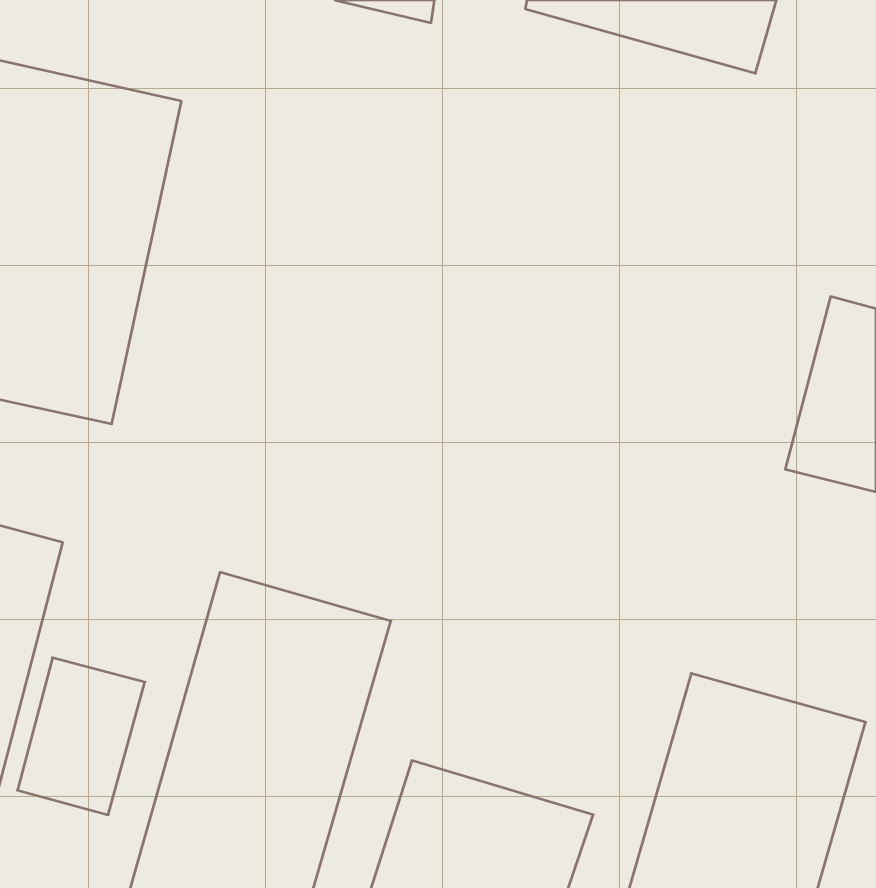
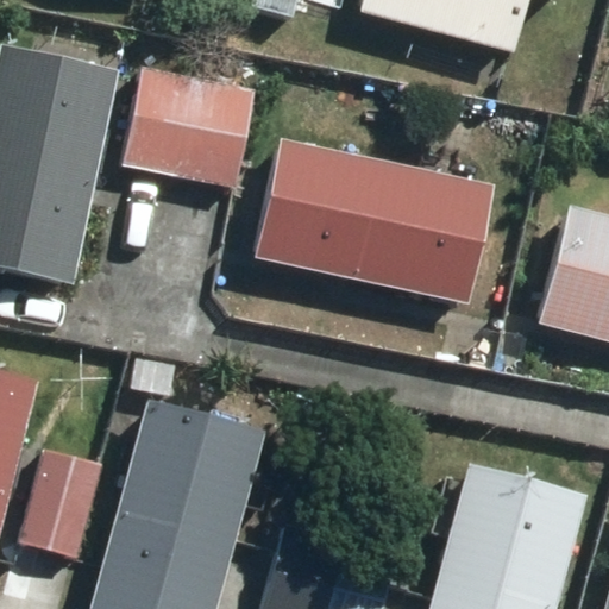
building: none -> [120,65,258,189]
building: none -> [250,137,494,304]

